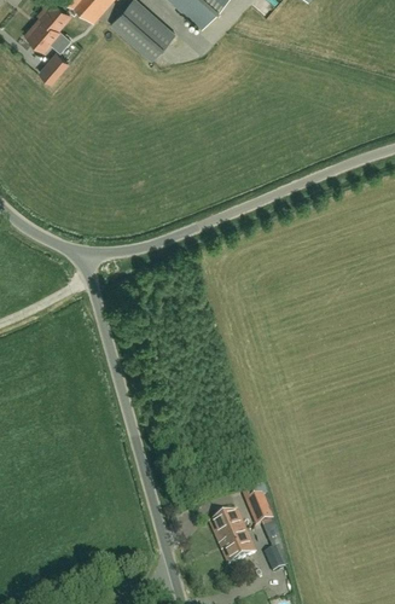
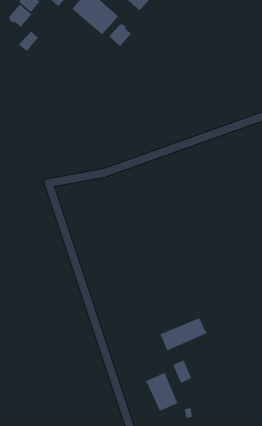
building: none -> [109,23,132,47]
building: none -> [159,317,208,352]

